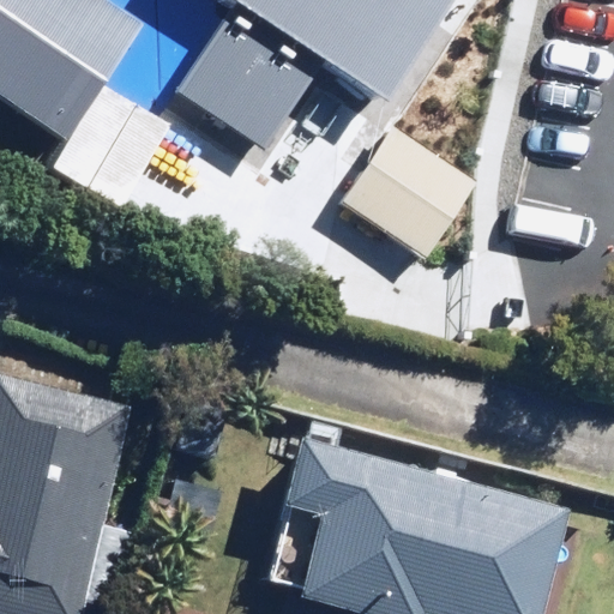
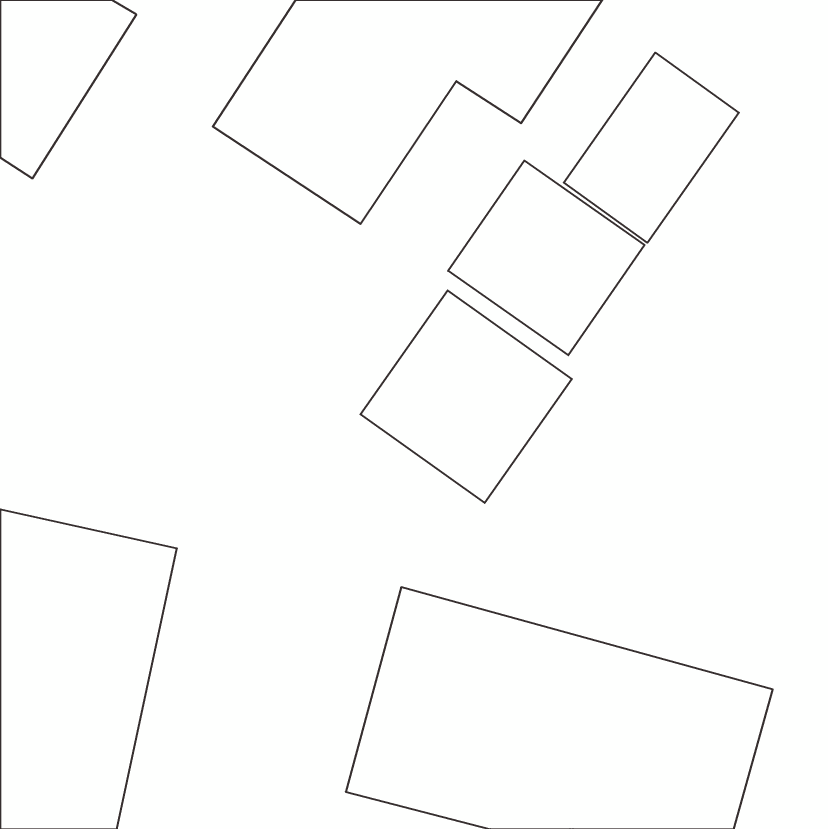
building: none -> [564,53,739,243]
building: none -> [360,290,572,503]

